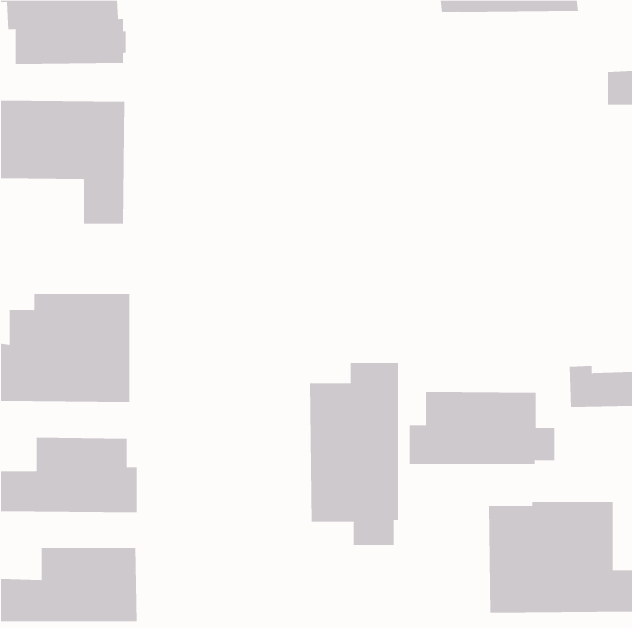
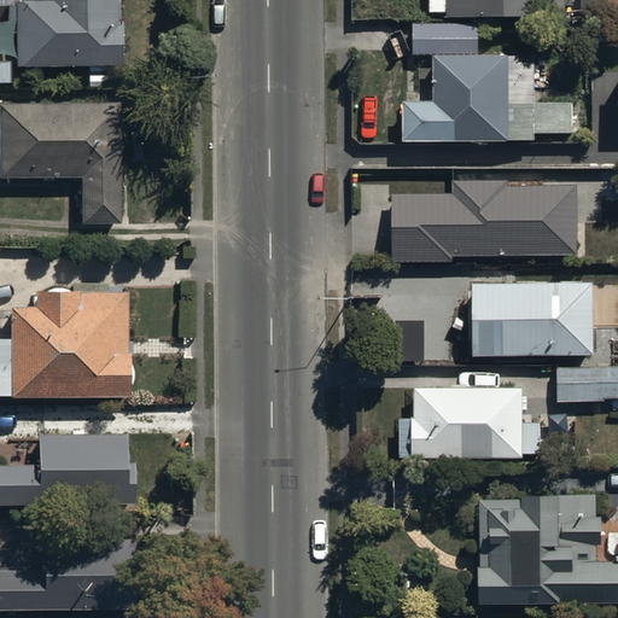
building: none -> [402,25,571,139]
building: none -> [390,179,578,263]
building: none -> [471,282,593,355]
building: [309,362,399,546] -> none

